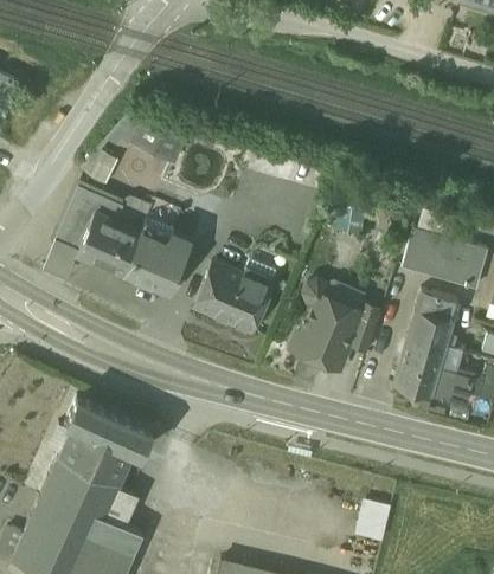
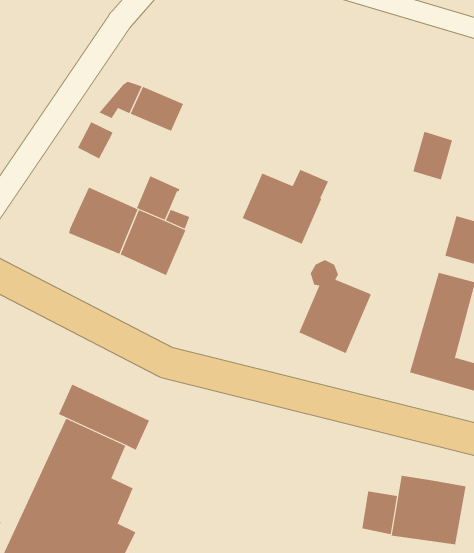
building: [56,185,123,249] -> none
building: [403,228,441,275] -> [412,131,453,180]
building: [194,258,276,329] -> [242,169,329,244]
building: [348,302,381,350] -> none
building: none -> [391,474,466,545]

